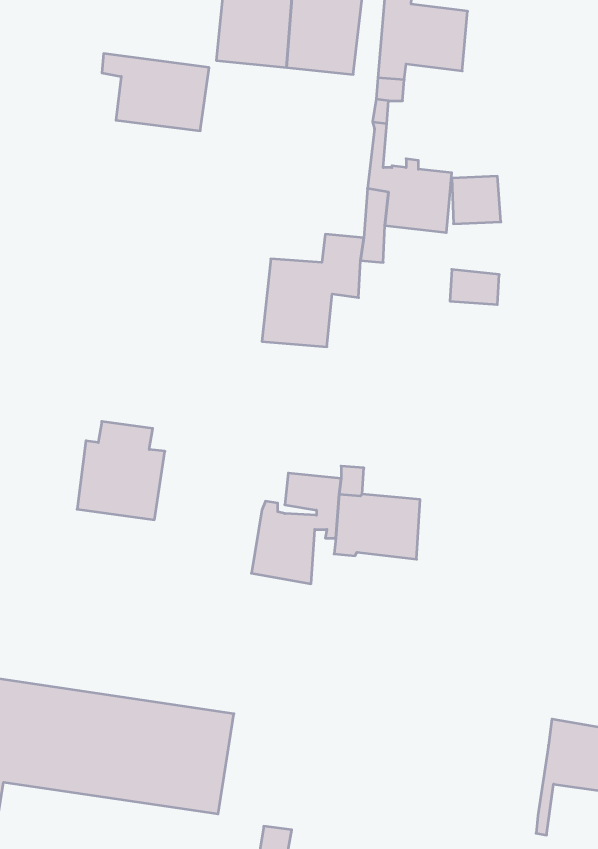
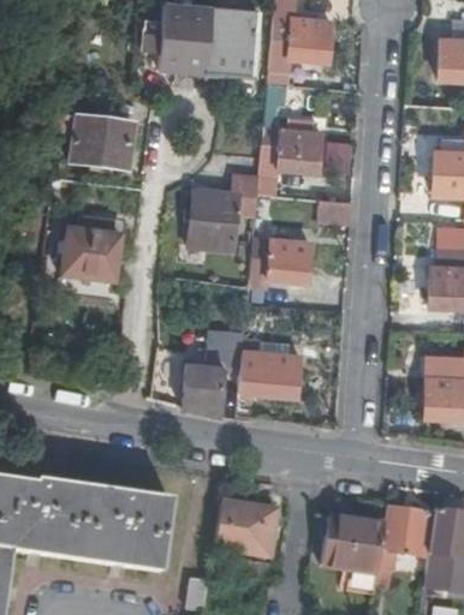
building: [102,54,209,131] -> [61,117,135,169]
building: none -> [249,238,309,287]
building: [77,421,165,520] -> [64,216,124,283]
building: none -> [215,501,278,556]
building: none -> [323,515,386,572]

